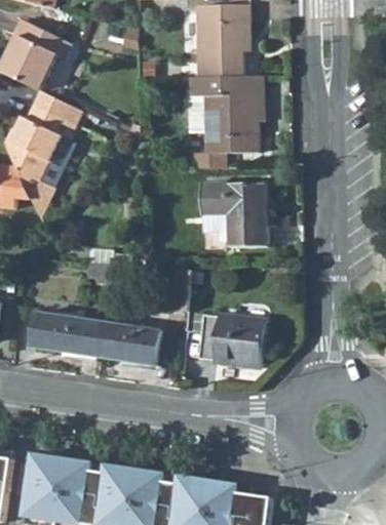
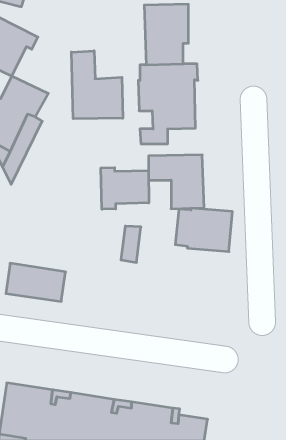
building: none -> [71,51,123,119]
building: none -> [101,168,149,209]
building: [199,312,267,363] -> [175,208,232,252]
building: [98,322,159,365] -> none

